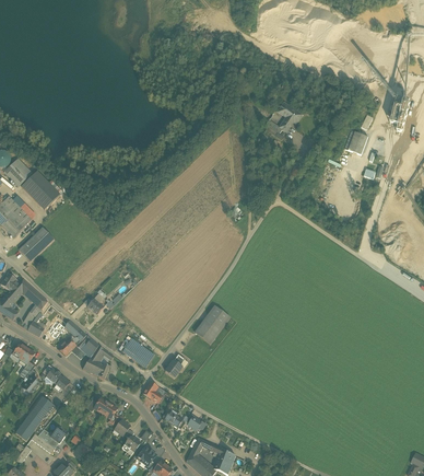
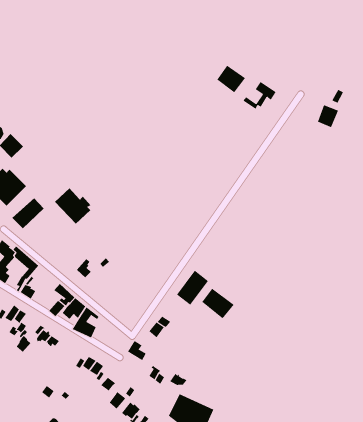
building: none -> [216,65,246,93]
building: [21,171,60,210] -> [54,188,91,224]
building: none -> [201,288,234,319]
building: [121,338,154,368] -> none
building: [15,396,56,441] -> none

